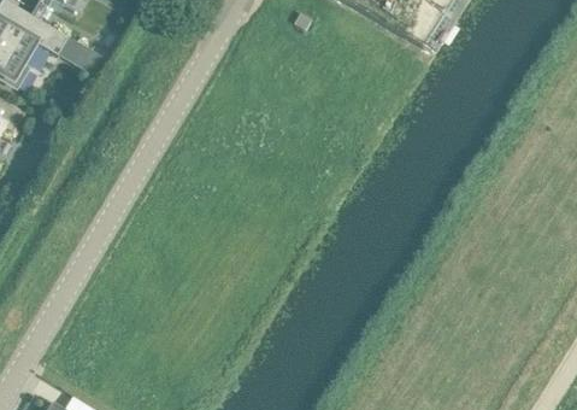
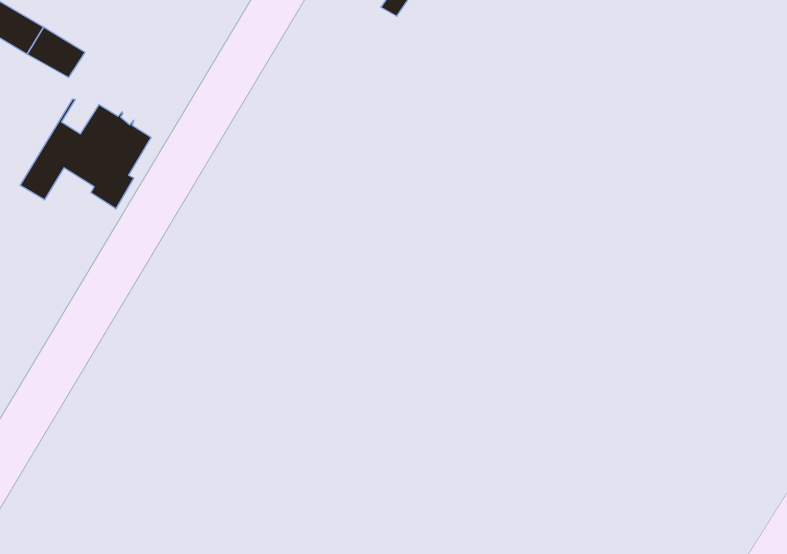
building: none -> [20,99,151,209]

